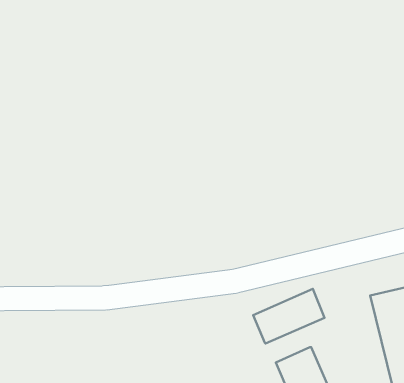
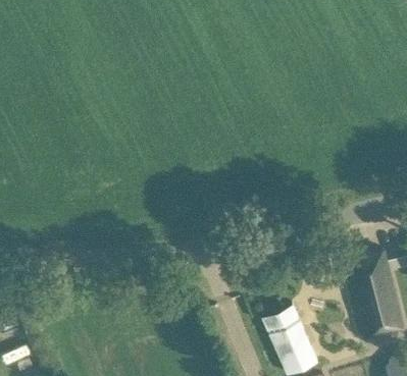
building: [253,289,324,343] -> none

